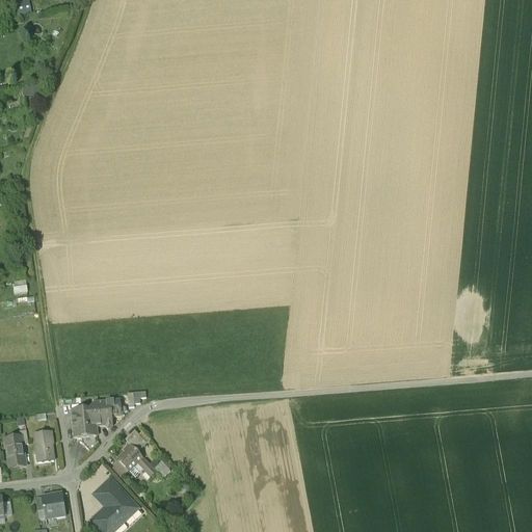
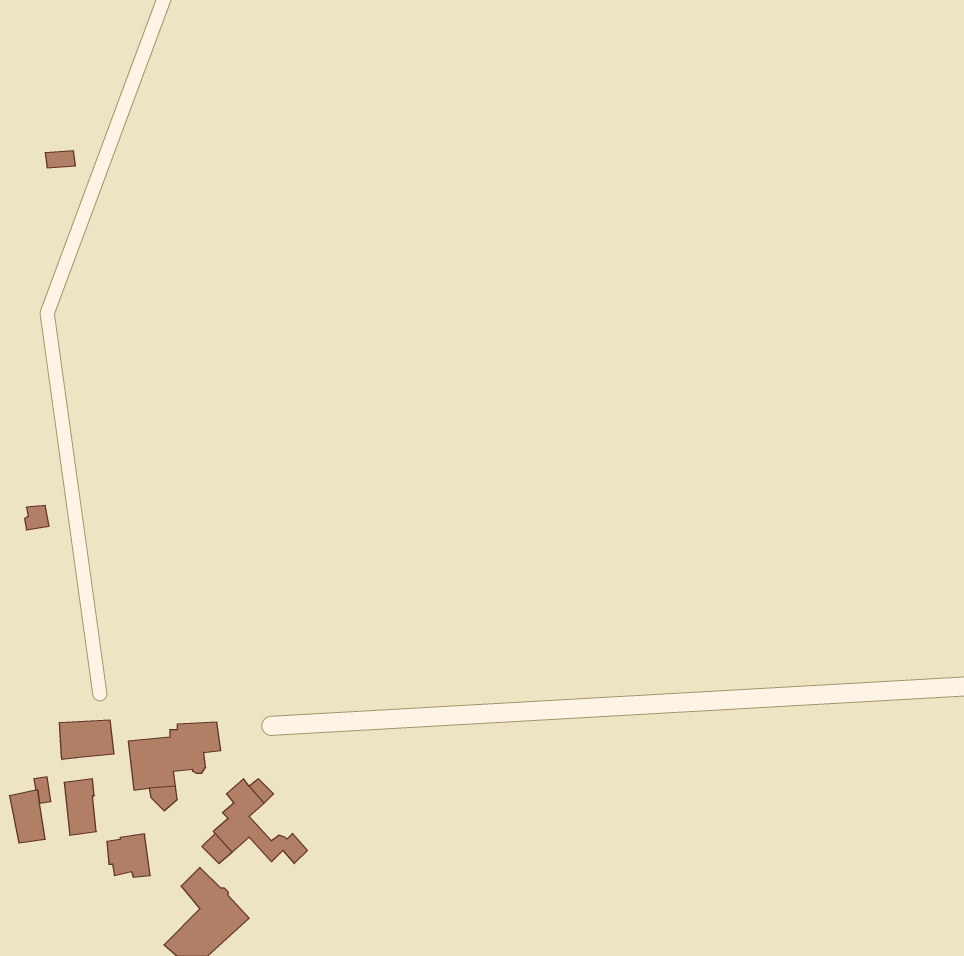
building: none -> [59,720,114,760]
building: [42,491,65,515] -> [107,834,150,877]

